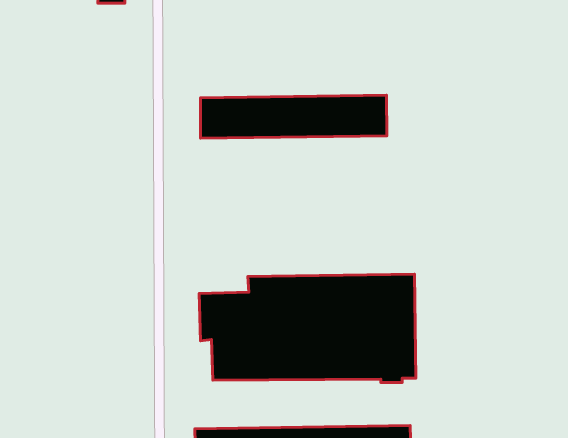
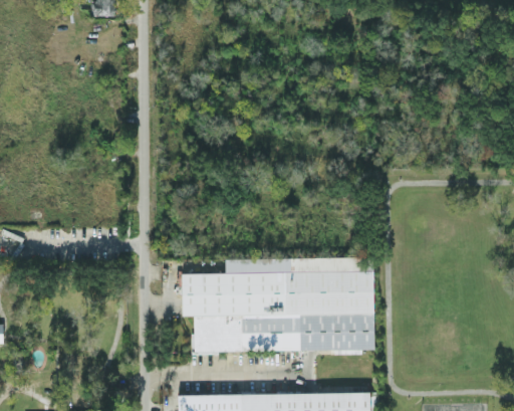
building: [200,95,387,138] -> none

